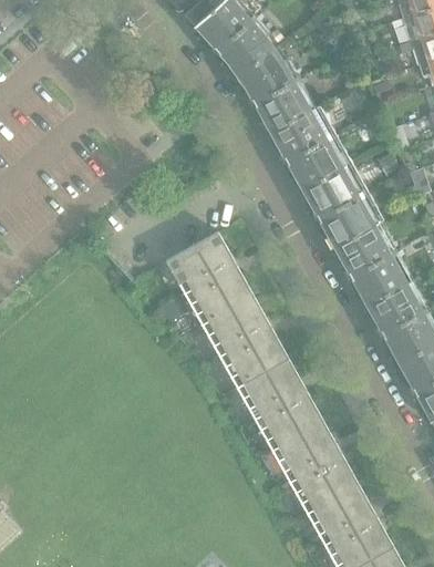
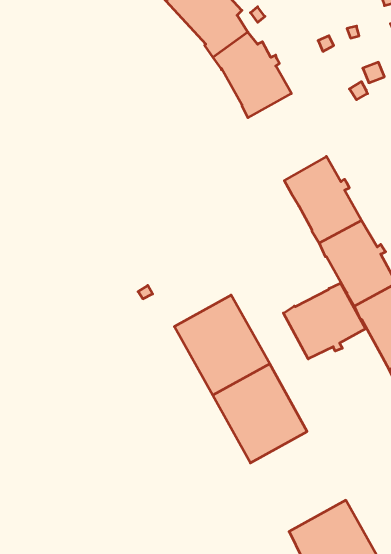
building: [269,109,341,188] -> none
building: [166,230,254,322] -> none
building: none -> [283,283,366,359]
building: [271,419,359,511] -> none

